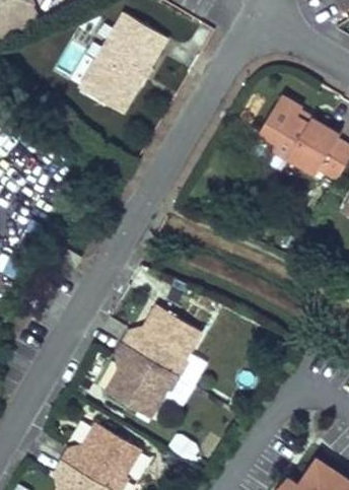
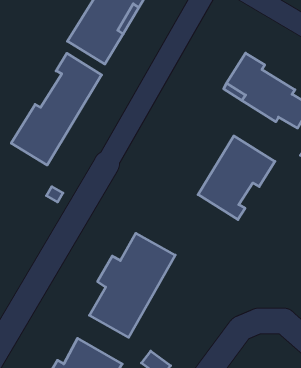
building: none -> [11,53,102,165]
building: none -> [198,136,275,220]

